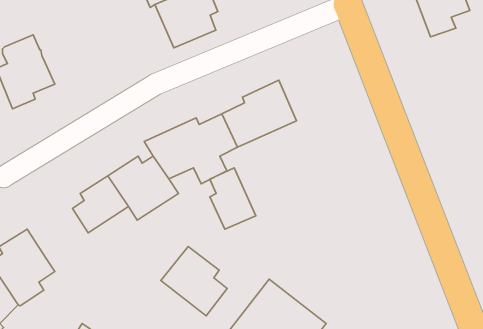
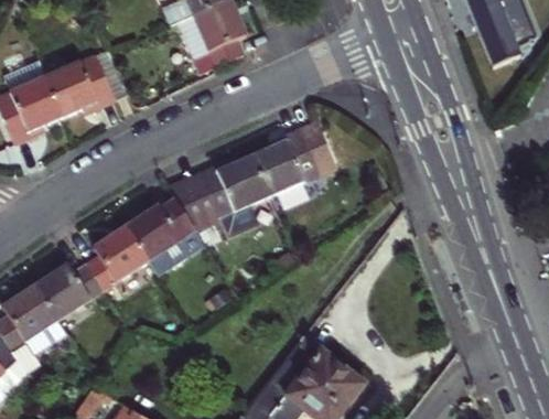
building: none -> [51,58,120,119]
building: [210,168,256,229] -> none
building: none -> [35,258,104,315]
building: [161,247,227,316] -> none

